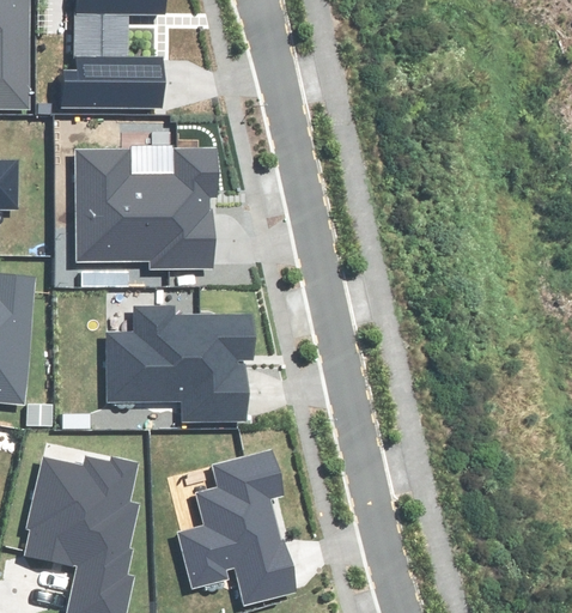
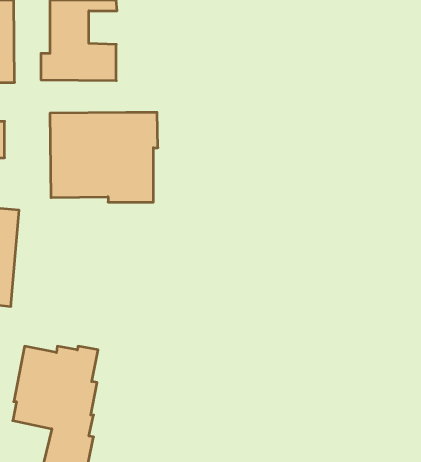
building: [105,306,252,419] -> none
building: [179,450,296,605] -> none

